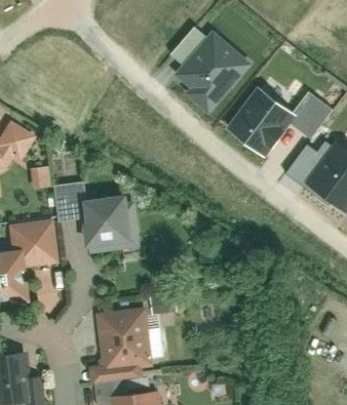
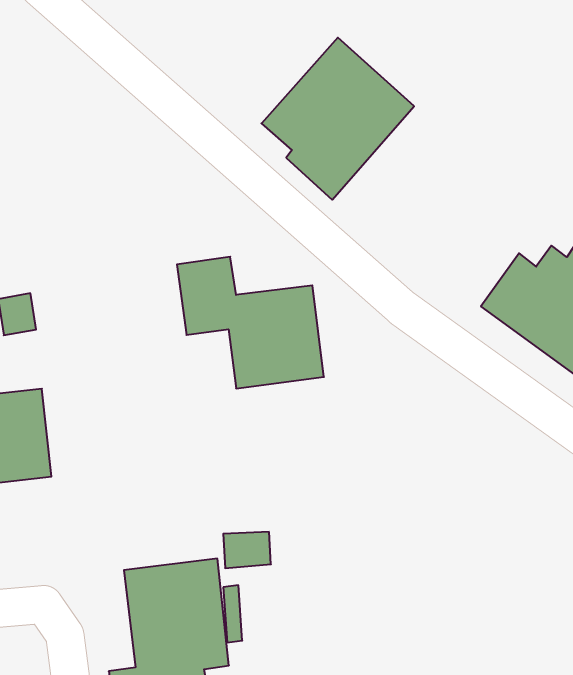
building: [227,87,333,158] -> none
building: [55,179,134,250] -> [177,257,324,388]

